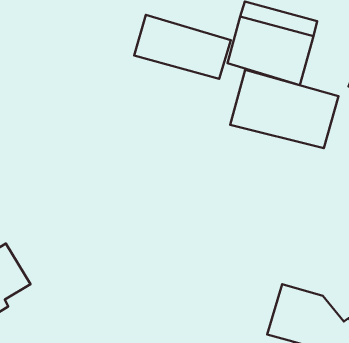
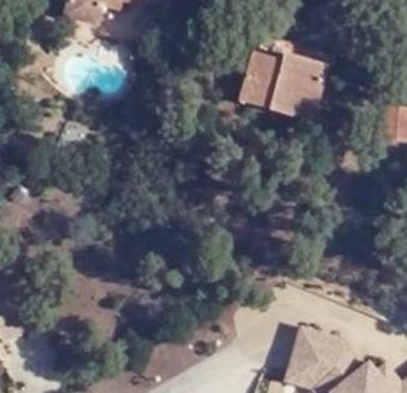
building: [134,15,231,79] -> none
building: [230,70,339,148] -> none

